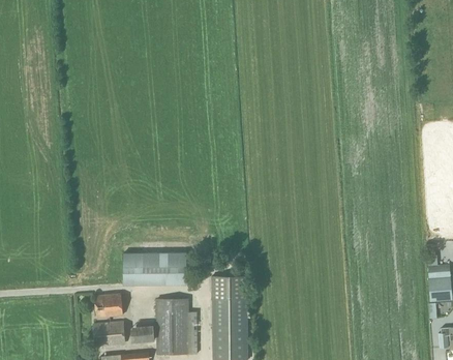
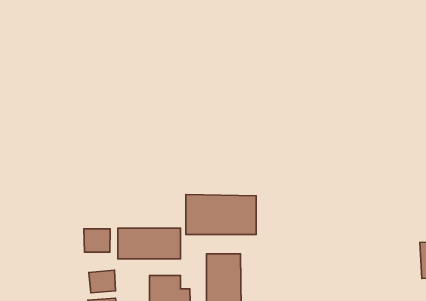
building: none -> [186,195,256,234]
building: none -> [84,229,110,252]

